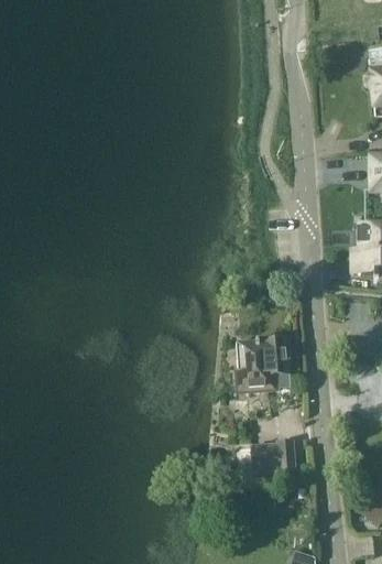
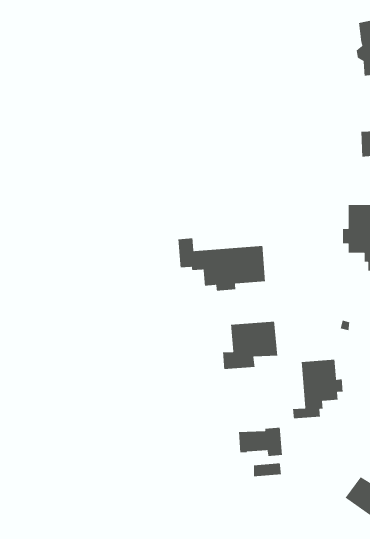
building: none -> [177,238,266,292]
building: none -> [292,359,343,419]

